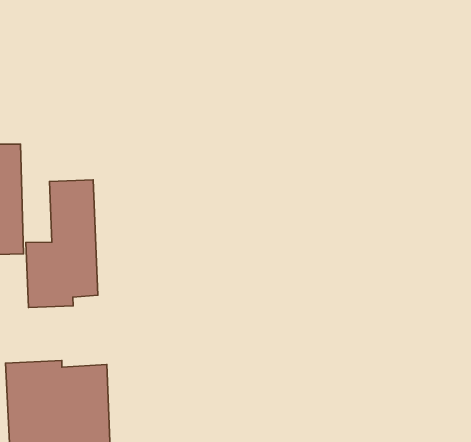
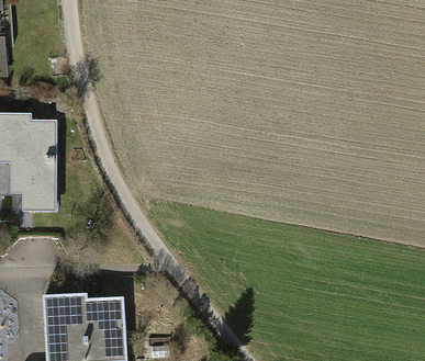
building: [26,180,98,308] -> none

